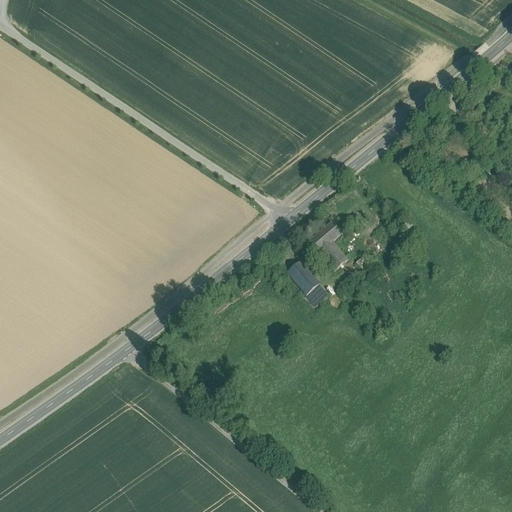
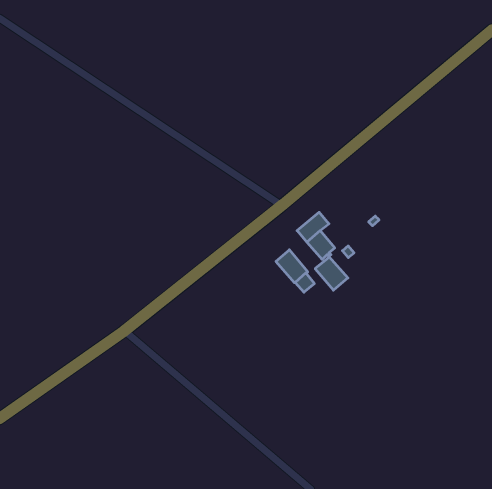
building: none -> [315,257,348,290]

